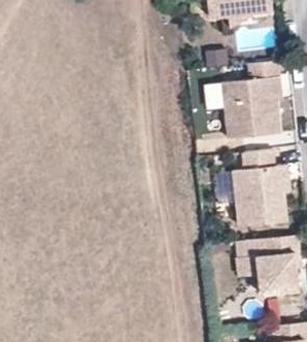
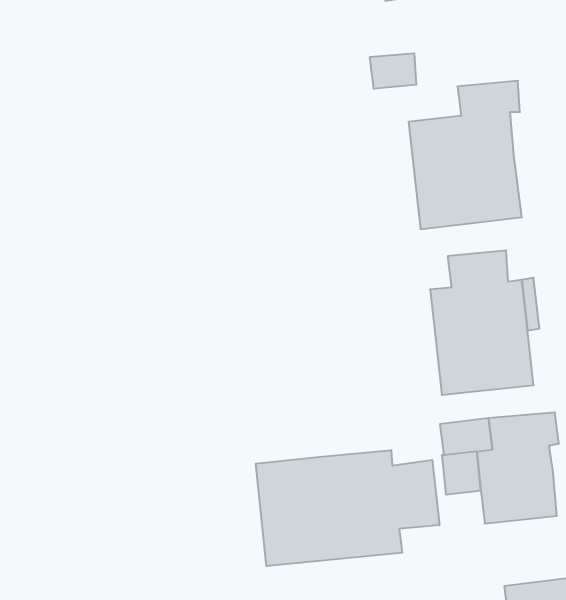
building: none -> [256,450,439,566]

